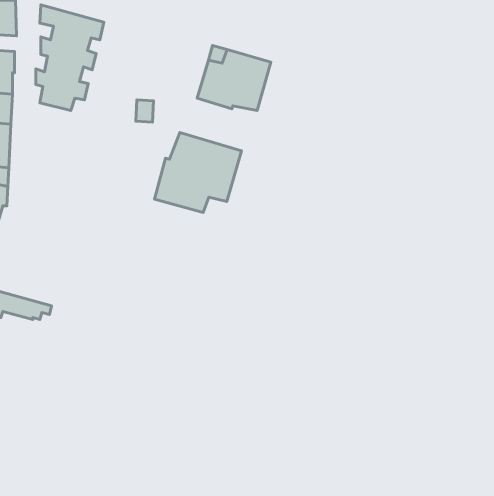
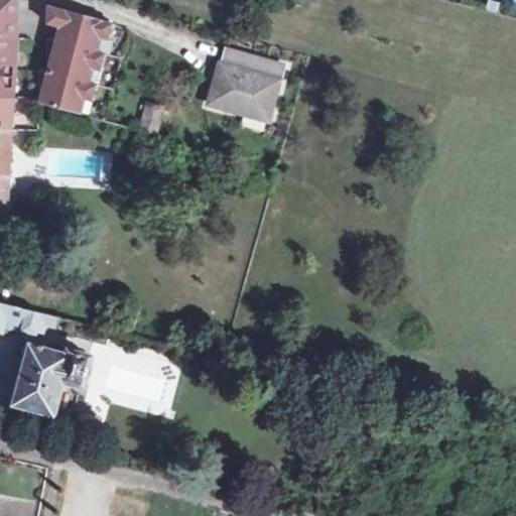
building: [154,132,241,212] -> none
building: none -> [13,345,93,413]

